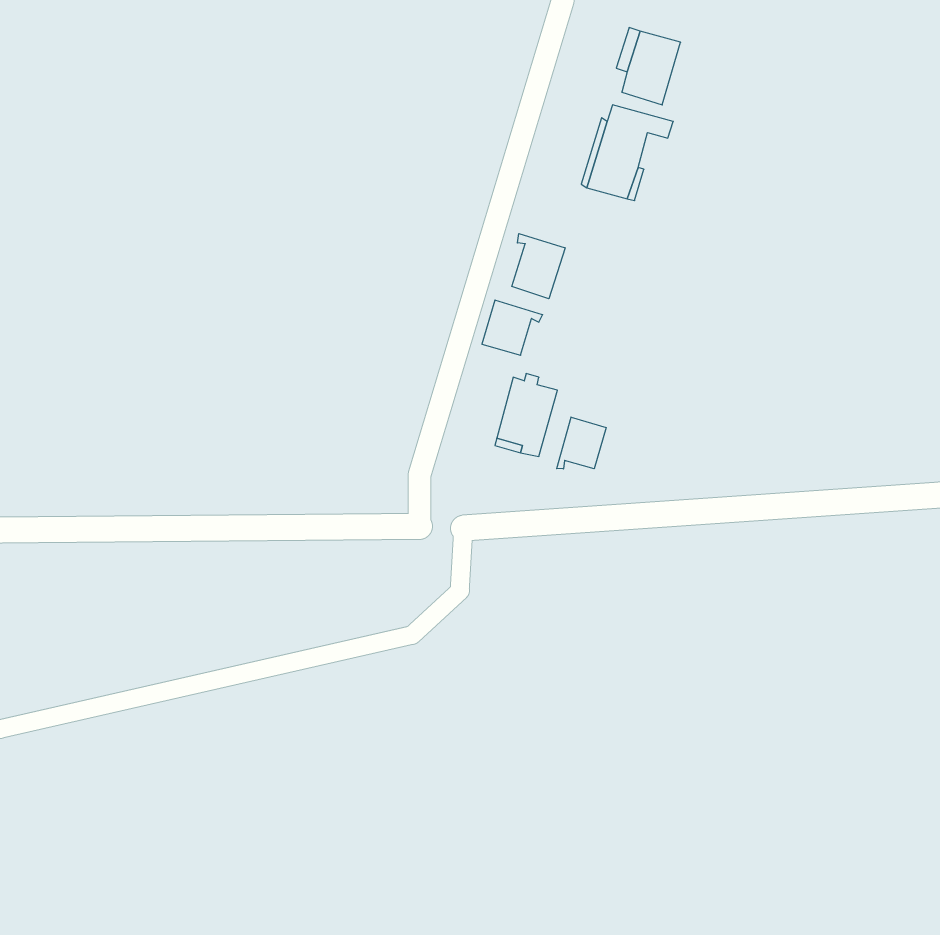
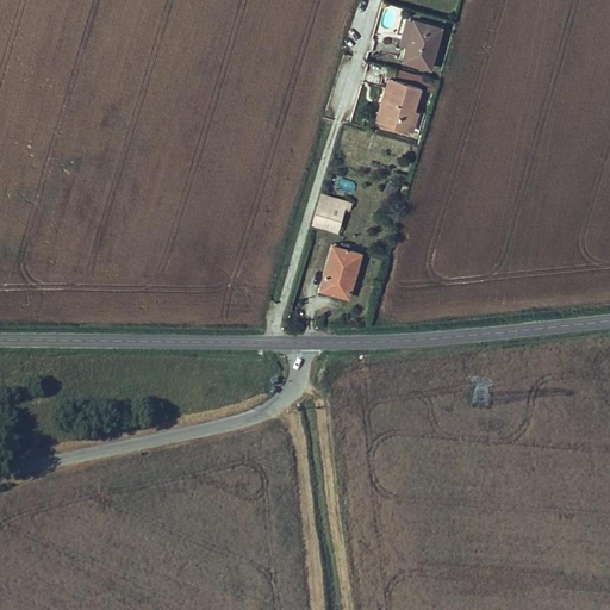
building: [512,234,565,299] -> none
building: [557,417,606,469] -> none

